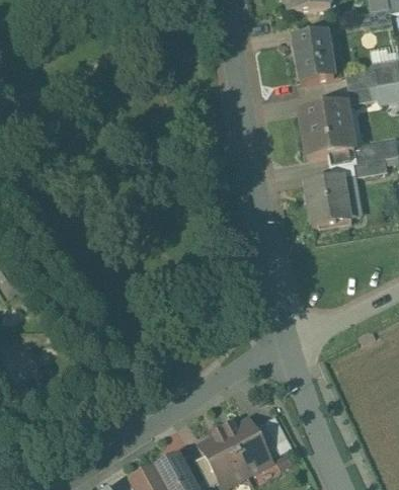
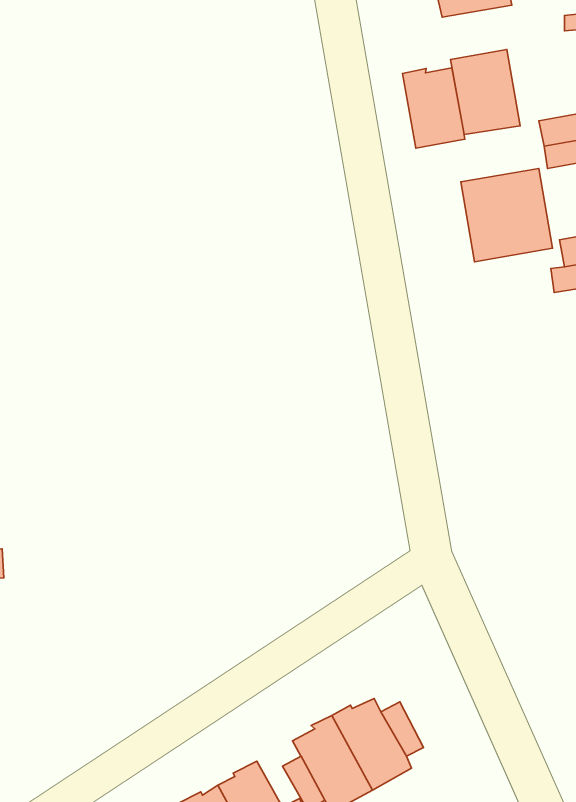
building: none -> [402,68,465,148]
building: [305,176,350,227] -> none

